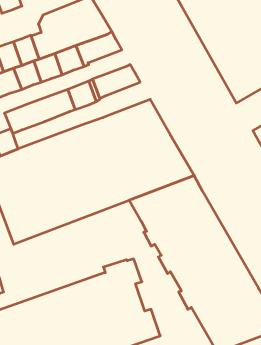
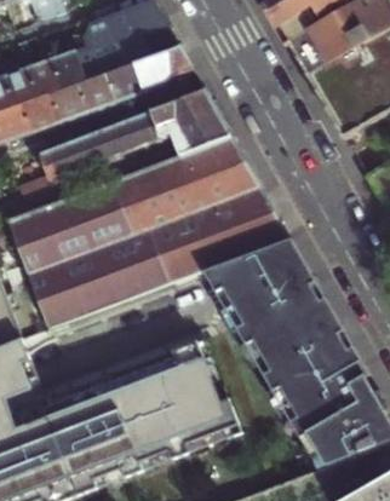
building: none -> [168,111,228,154]

